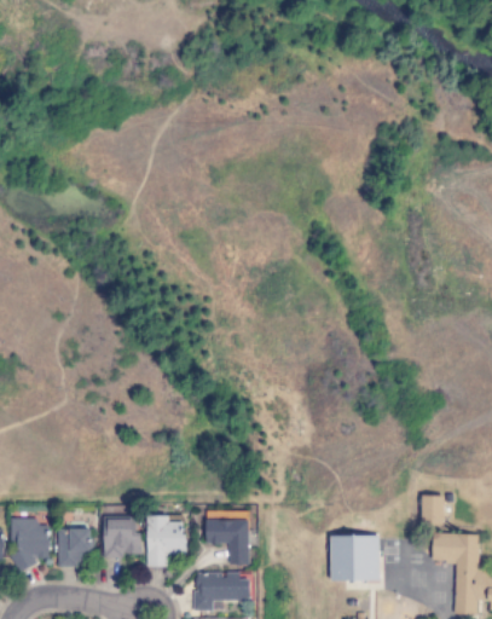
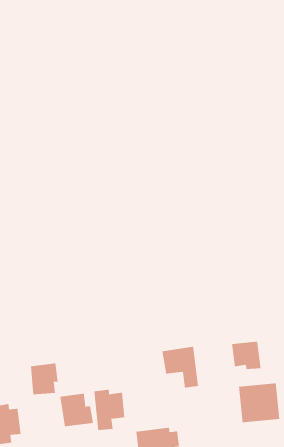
building: none -> [231,341,261,370]
building: [206,514,248,566] -> [162,346,199,388]
building: [57,530,92,568] -> [30,363,58,395]

